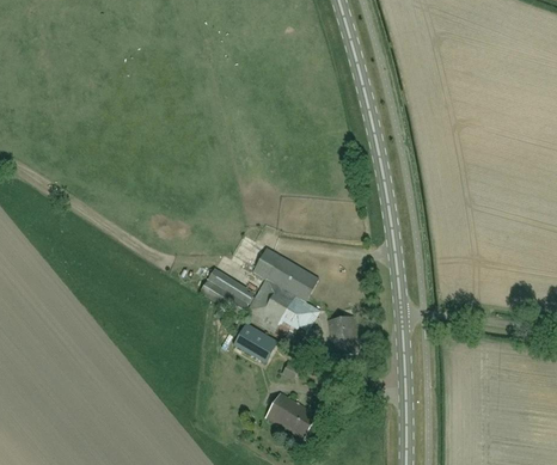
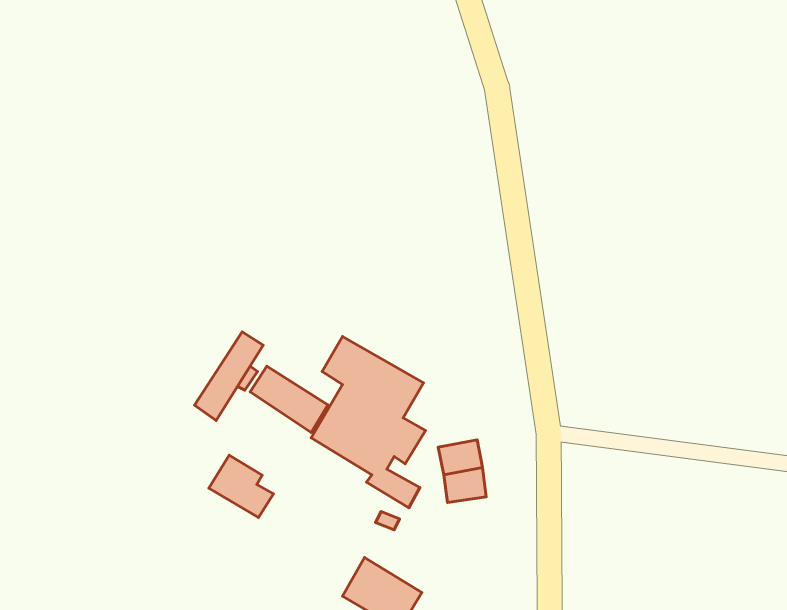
building: none -> [195,332,263,420]
building: [232,322,274,362] -> [209,455,273,518]

